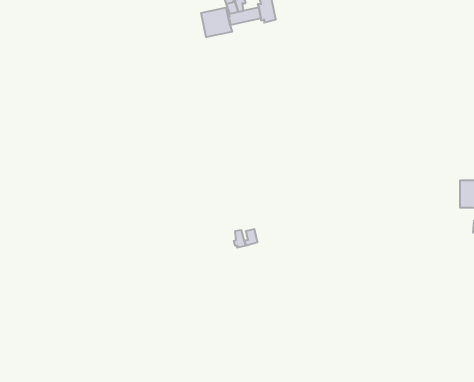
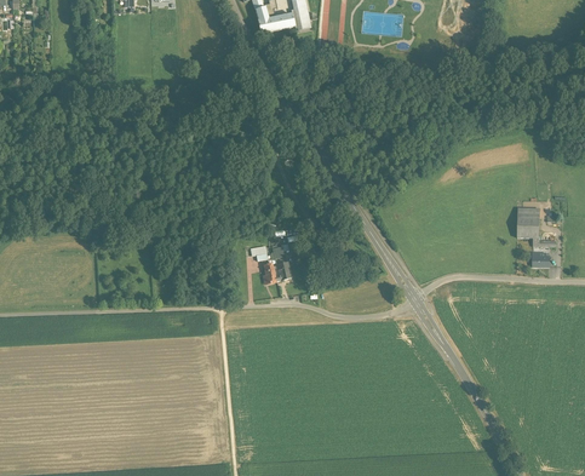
building: [201,8,232,37] -> none

